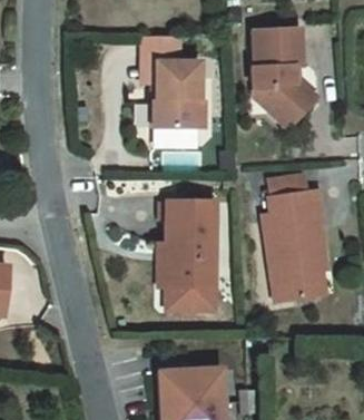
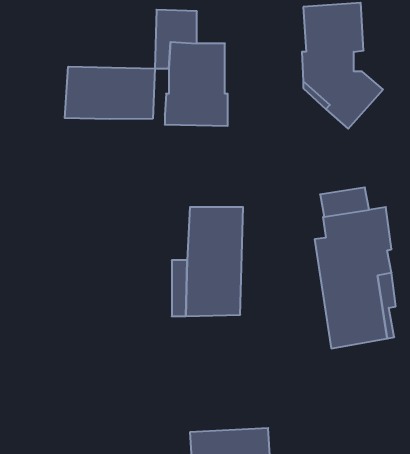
building: none -> [65,67,155,119]
building: [161,280,206,304] -> none

